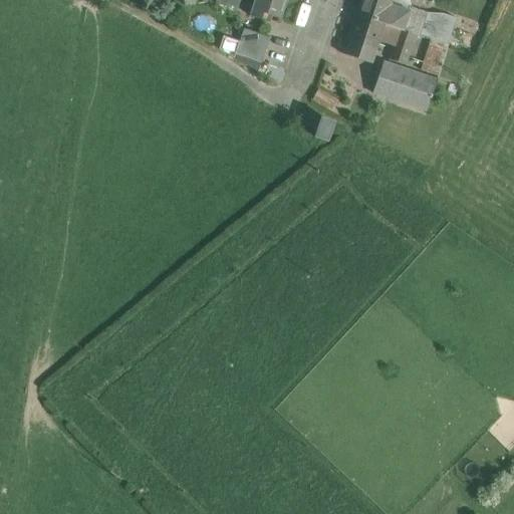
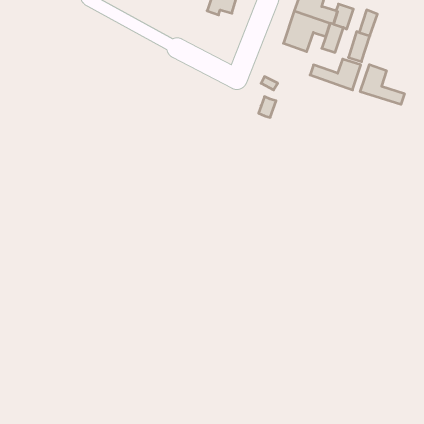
building: [235,27,270,61] -> none
building: [379,61,415,88] -> none
building: none -> [360,65,404,104]

